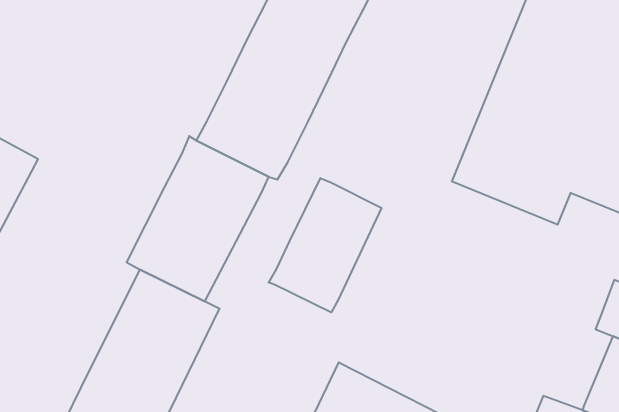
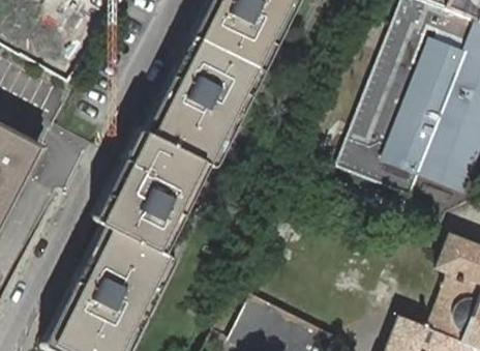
building: [269,178,381,312] -> none

